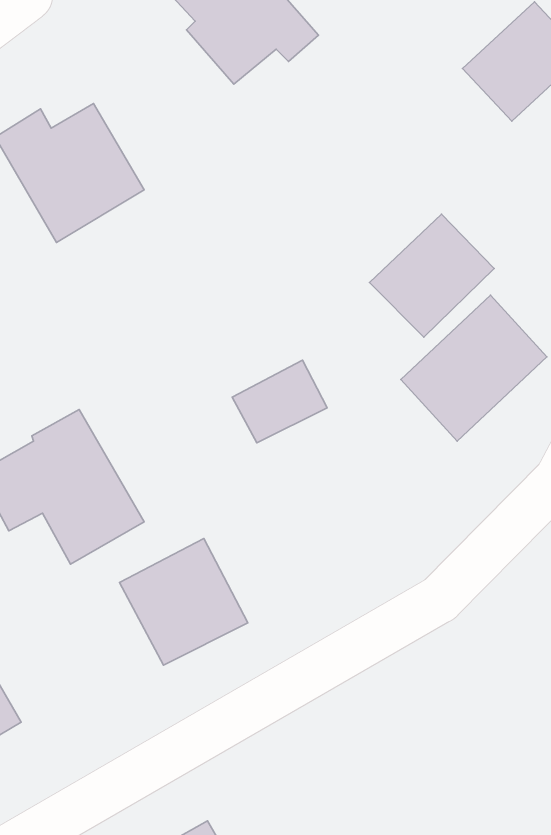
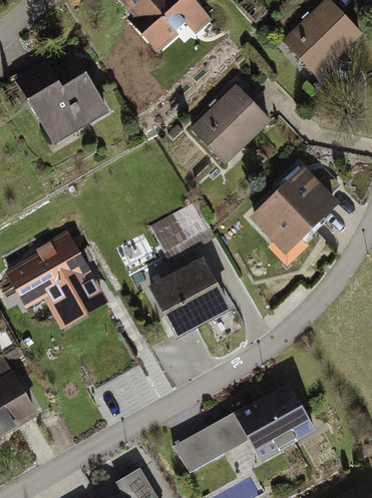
building: [369,214,494,337] -> [193,89,264,159]
building: [120,539,248,665] -> [151,263,225,335]
building: none -> [178,388,310,469]

